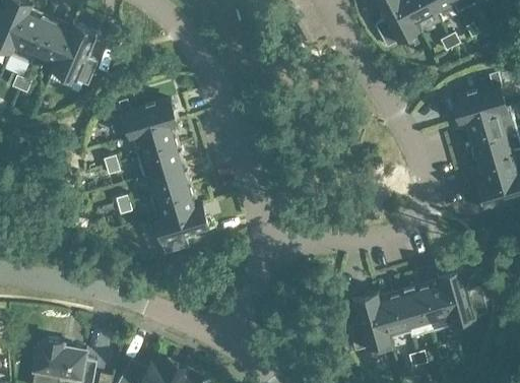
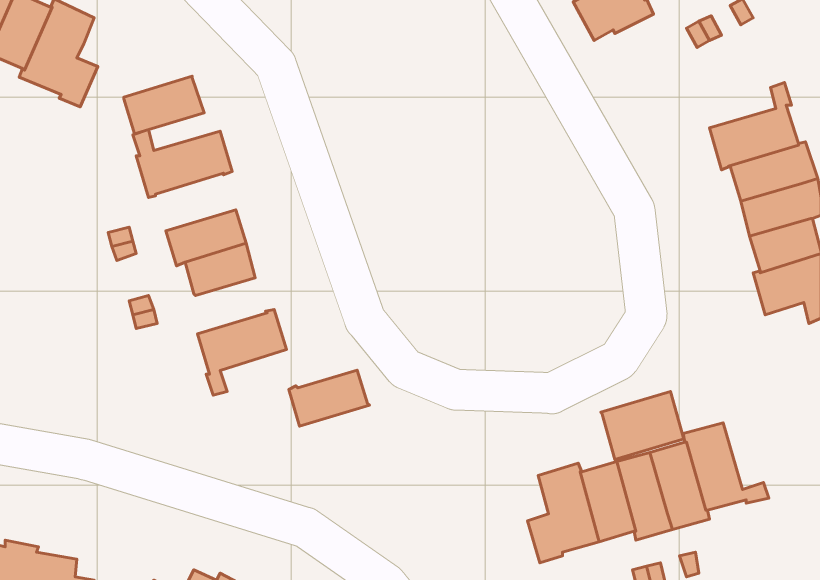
building: [131,125,178,158] -> [124,76,204,134]
building: [149,186,196,218] -> [289,370,369,426]
building: none -> [601,391,684,460]

